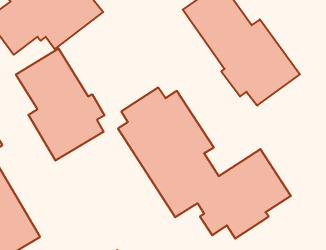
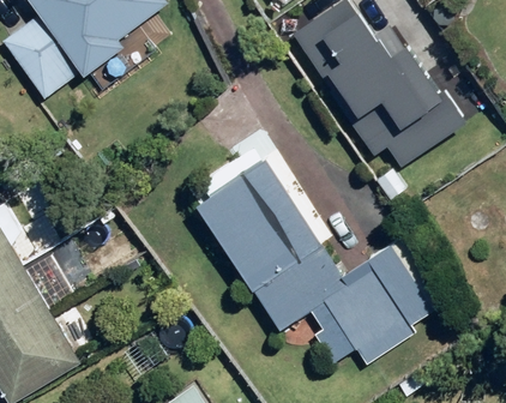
building: [16,48,104,161] -> none

